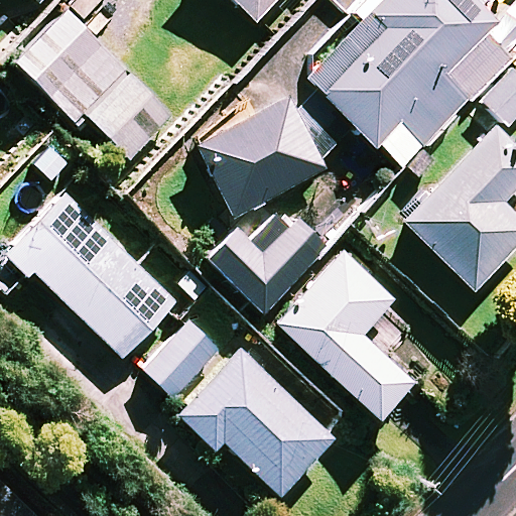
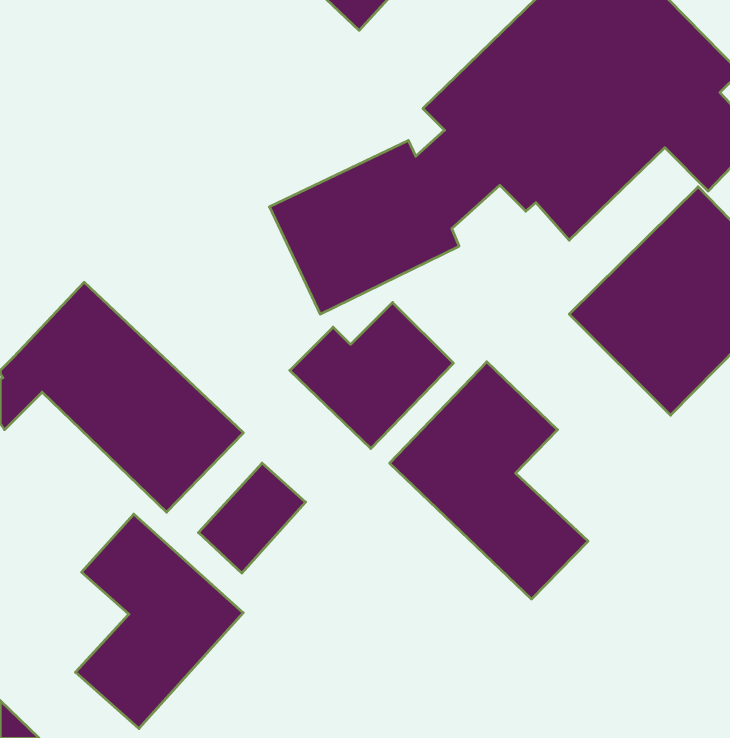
building: [16,10,174,159] -> none
building: [176,343,340,494] -> none
building: none -> [75,514,243,729]

